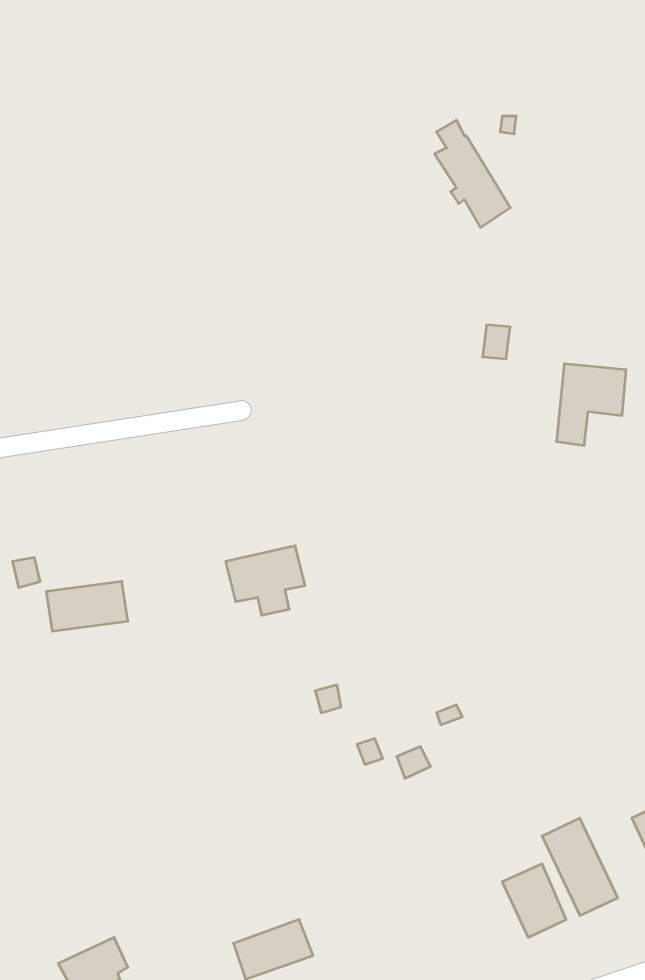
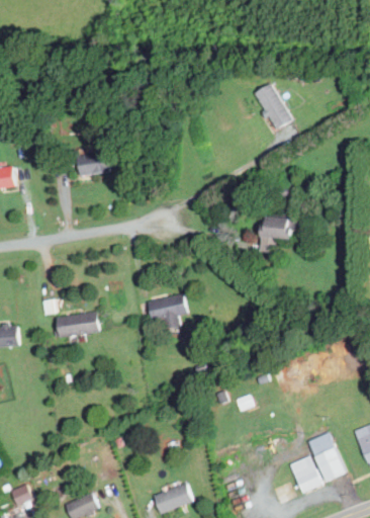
building: none -> [77,152,109,175]
building: [556,364,626,445] -> [260,211,295,253]

